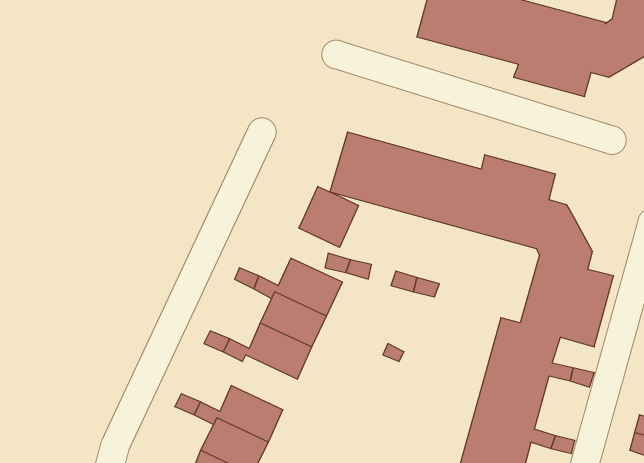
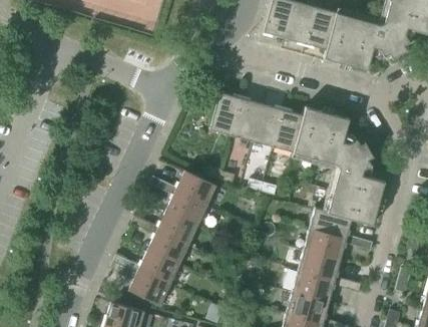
building: [299,186,358,247] -> none
building: none -> [148,231,189,265]

